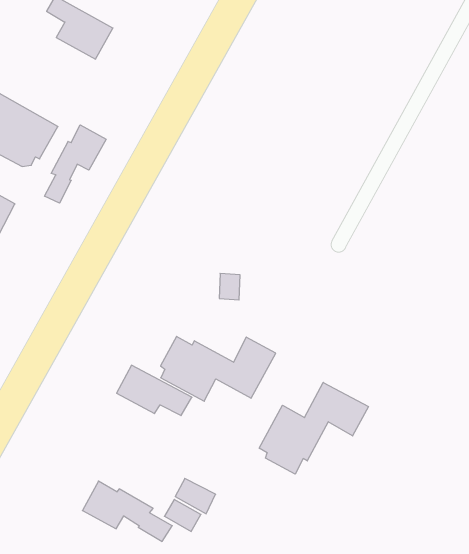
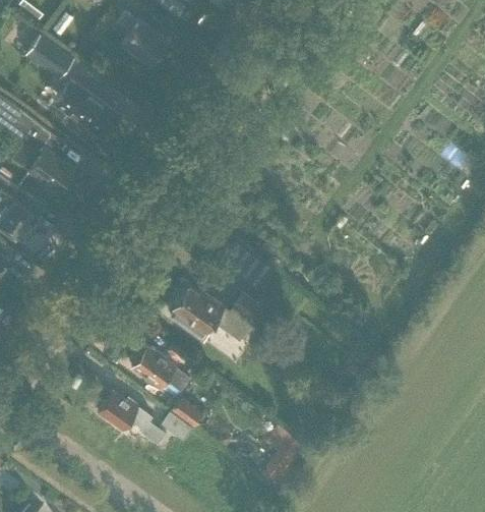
building: [45,125,106,203] -> none
building: [117,365,192,416] -> [132,347,190,391]
building: [259,382,368,474] -> none

